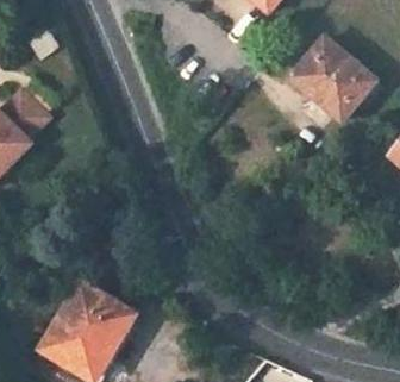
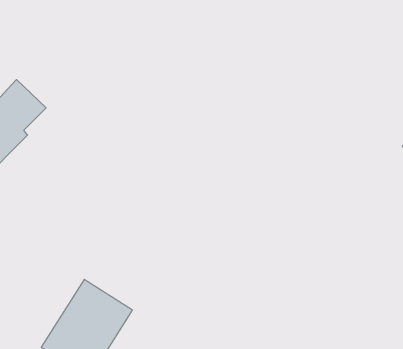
building: [293,37,376,120] -> none

